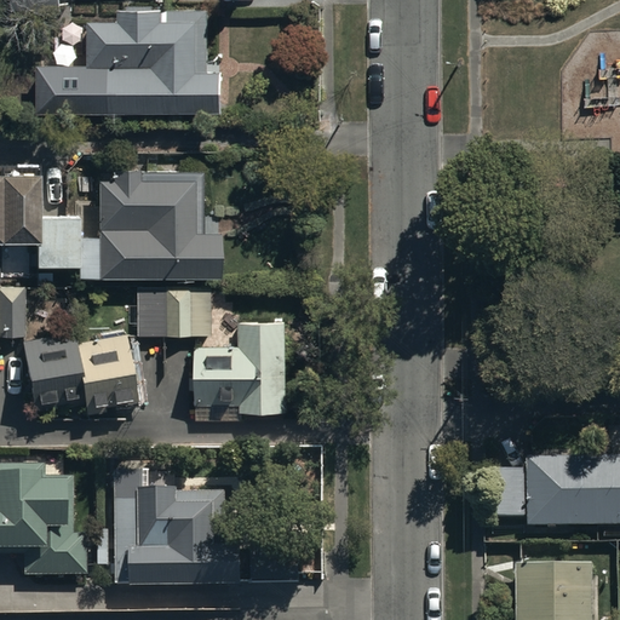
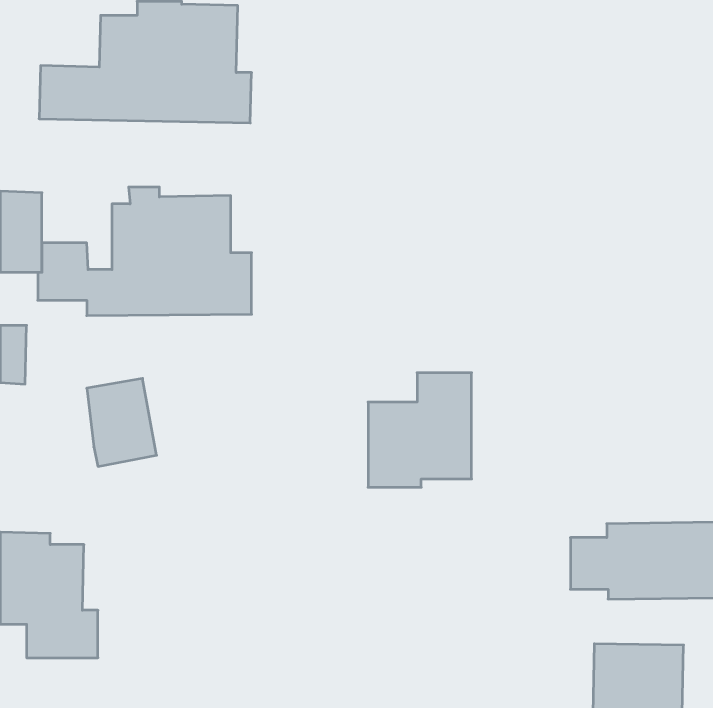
building: [137,287,211,338] -> none
building: [196,321,286,420] -> [368,373,472,487]
building: [22,331,82,403] -> none
building: [114,488,241,586] -> none

